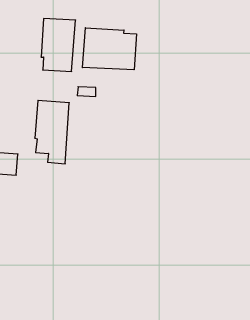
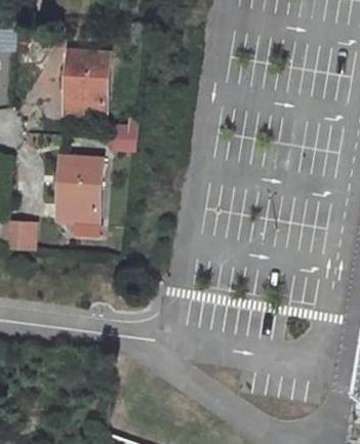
building: [82,28,136,70] -> none

